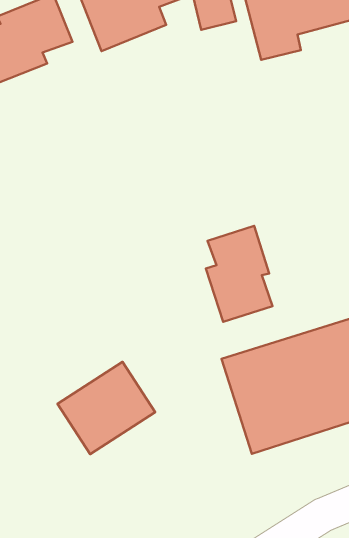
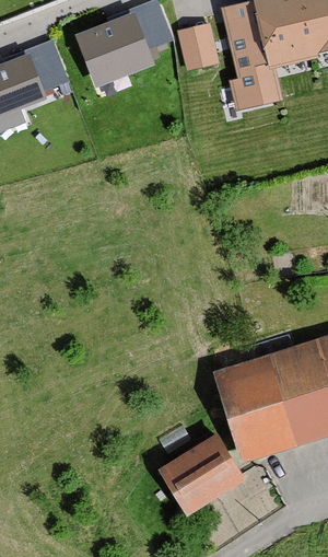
building: [206,226,272,322] -> none
building: [58,362,155,454] -> [149,431,237,515]

